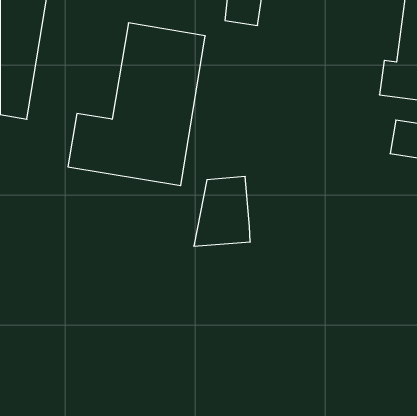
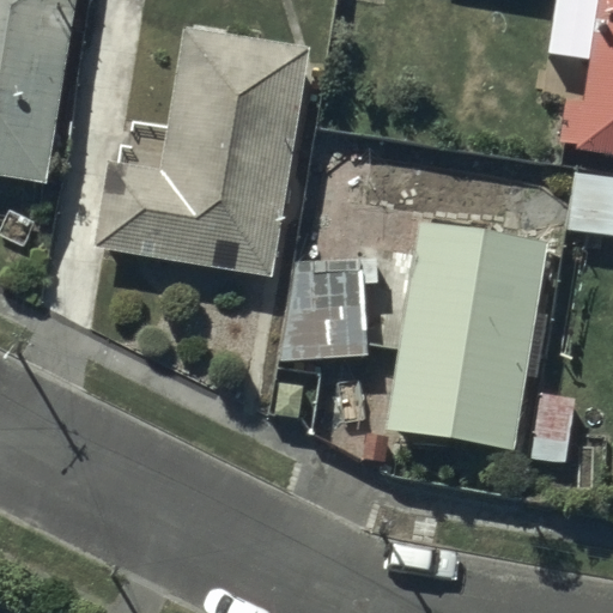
building: none -> [393,227,545,444]

